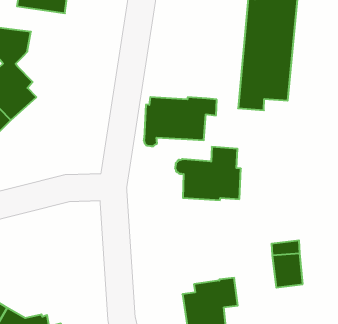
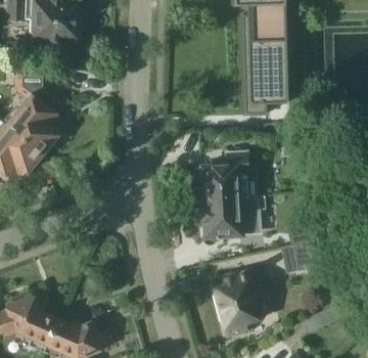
building: [144,97,217,146] -> [202,196,267,245]

